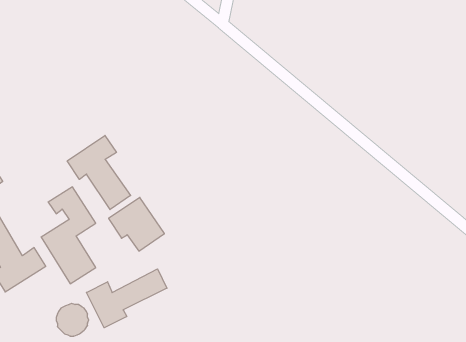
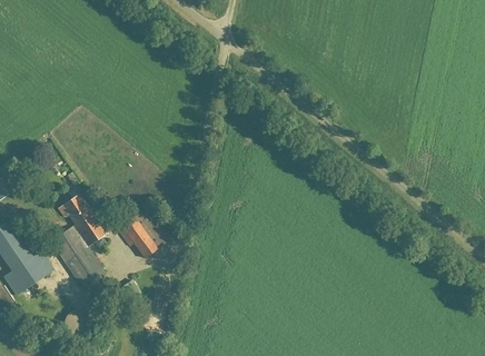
building: [67,135,131,210] -> none
building: [86,269,167,328] -> none

